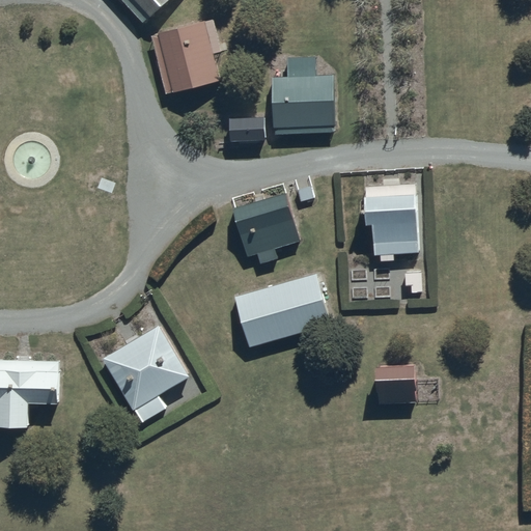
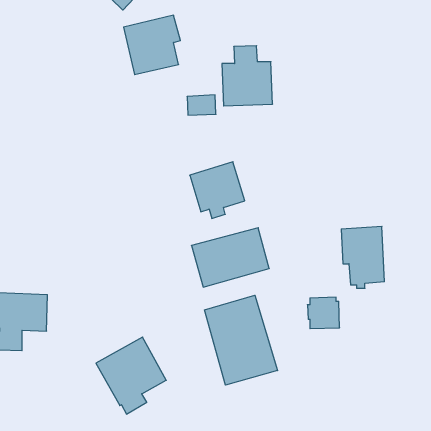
building: [364,187,417,262] -> [341,226,384,288]
building: [102,324,188,418] -> [96,337,166,414]
building: none -> [204,295,278,385]

